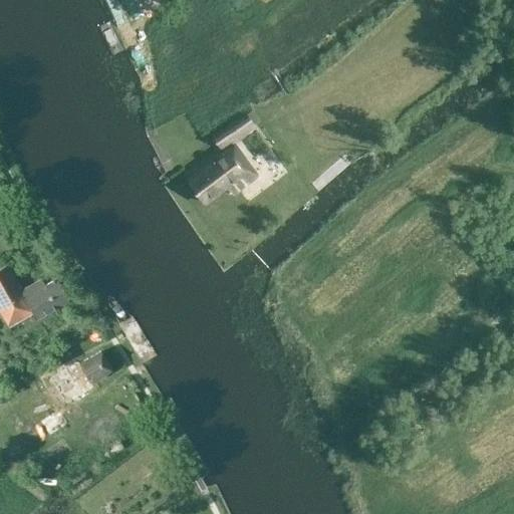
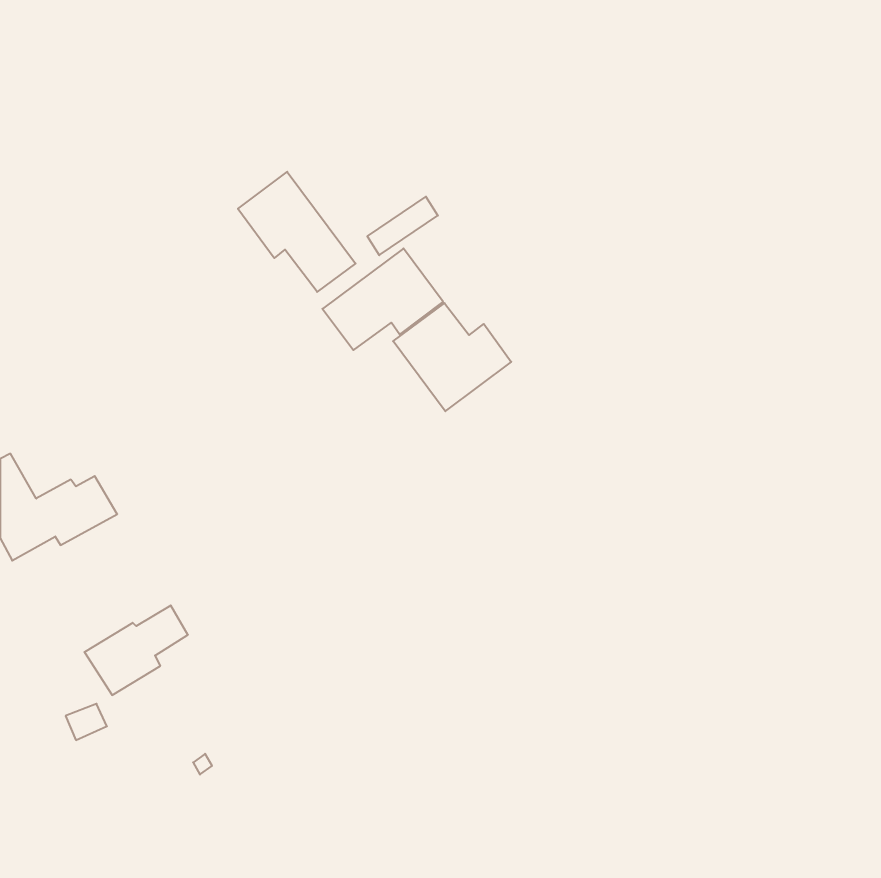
building: none -> [238,172,356,292]
building: none -> [393,303,511,411]

